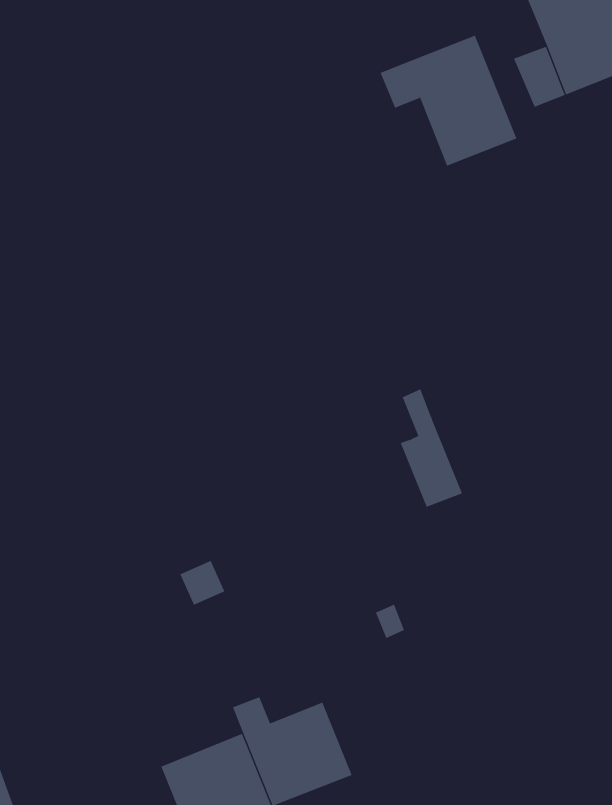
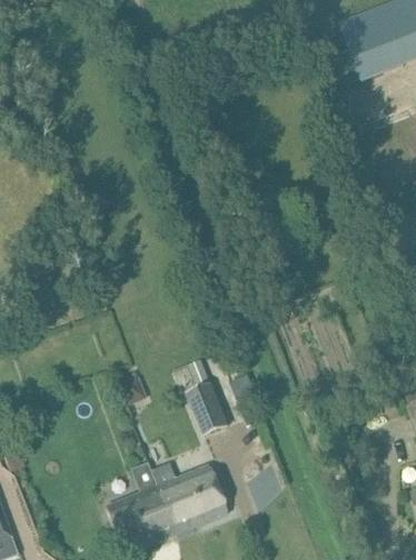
building: [380,35,517,167] -> none
building: [400,388,463,507] -> [187,357,227,432]

